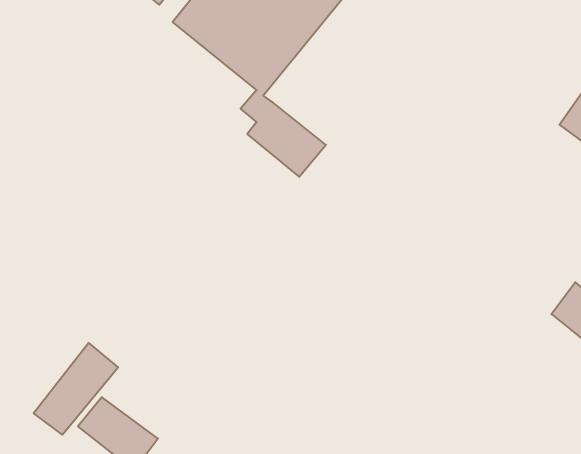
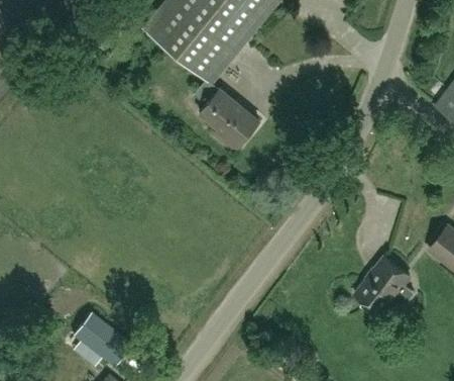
building: none -> [355,257,410,314]
building: [34,343,118,435] -> none

